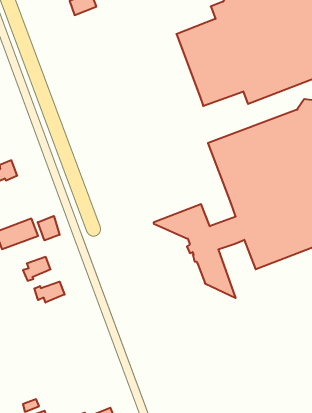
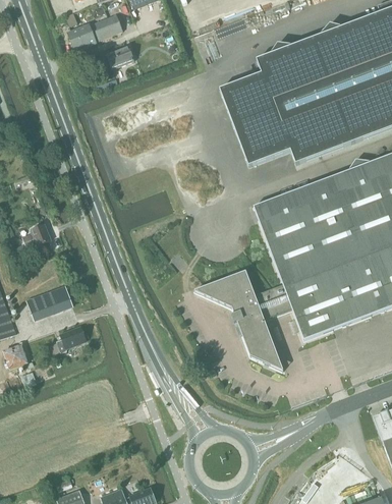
building: [38,216,60,240] -> none
building: [34,282,65,303] -> none

